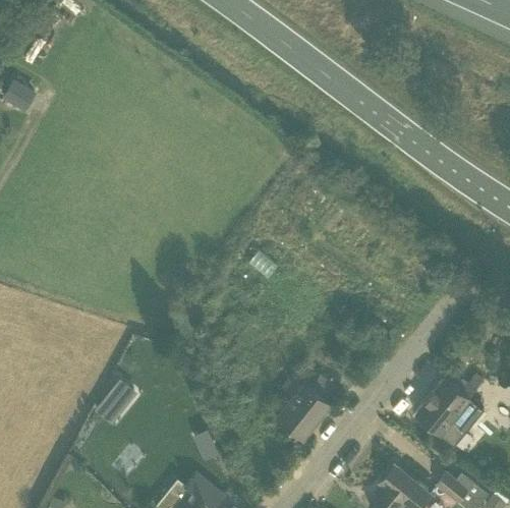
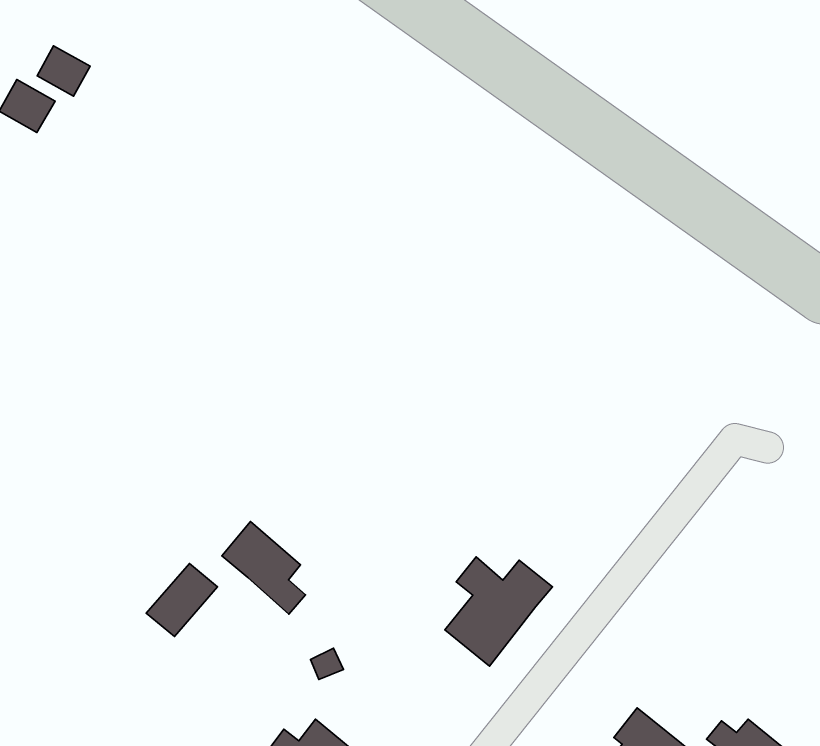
building: none -> [37,46,90,96]
building: none -> [222,521,305,614]
building: [412,370,483,448] -> none

